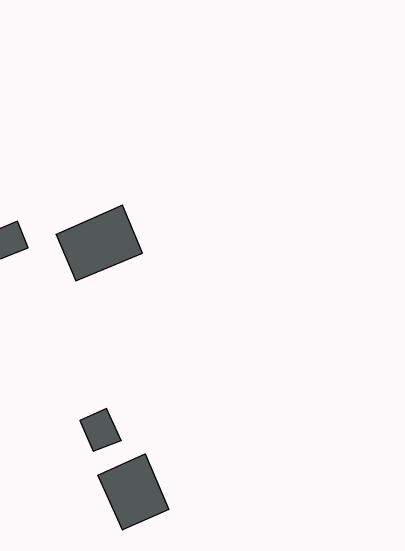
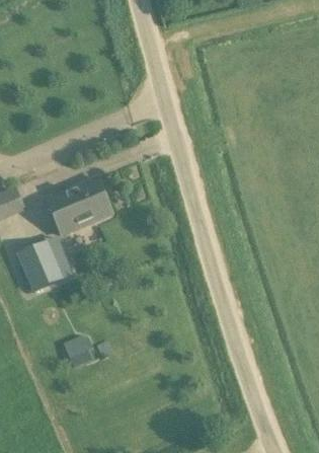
building: none -> [17,240,64,291]
building: [98,454,169,530] -> none

